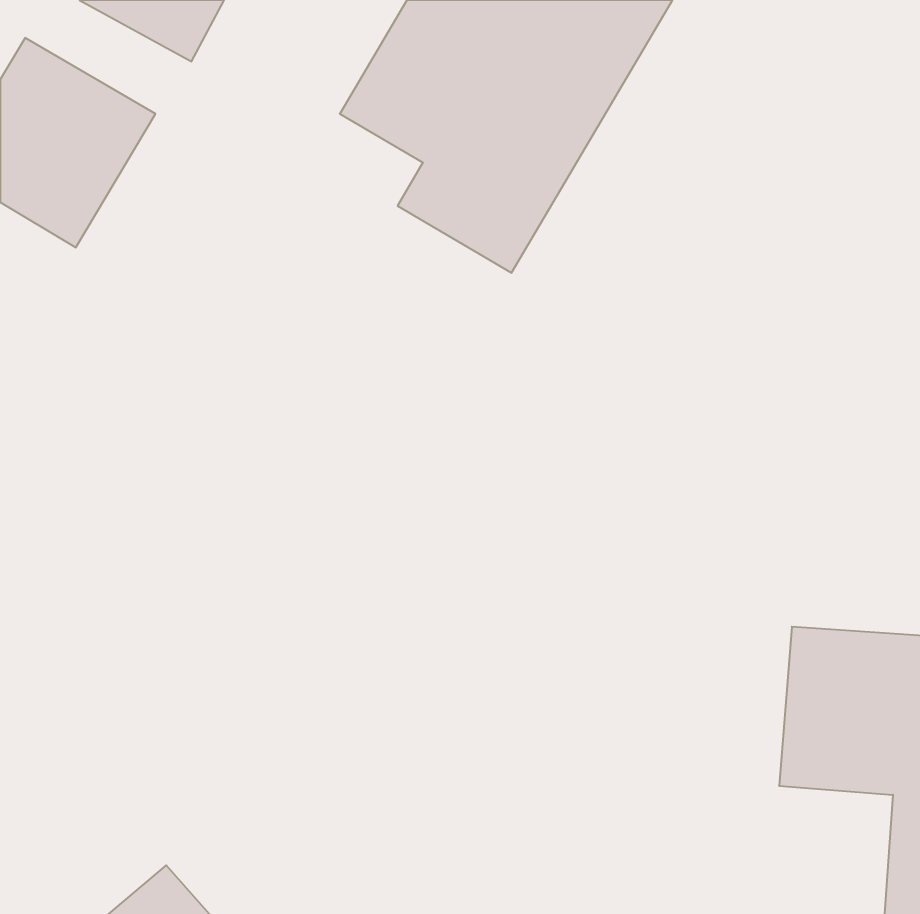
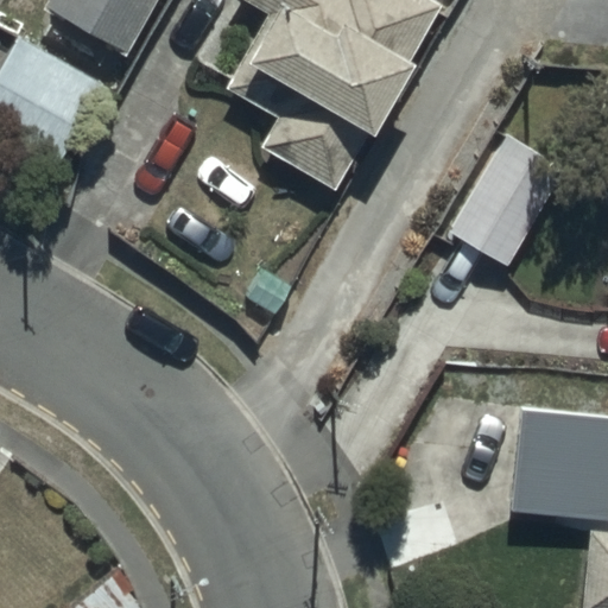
building: none -> [448,124,568,260]

